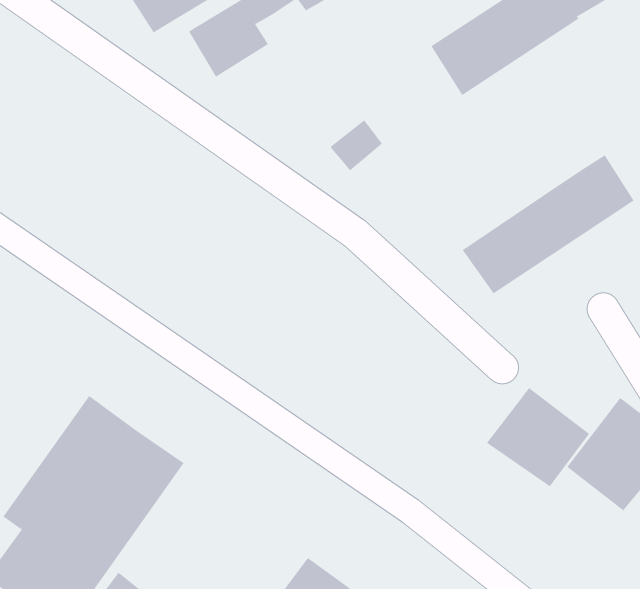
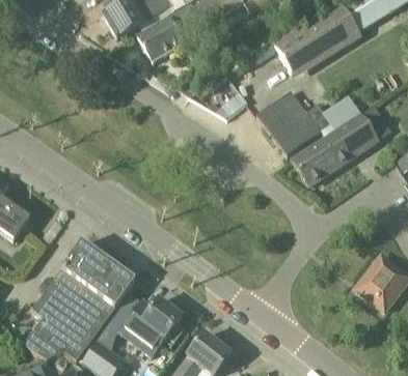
building: none -> [256,91,361,156]
building: [486,387,590,487] -> none
building: none -> [119,298,182,346]

